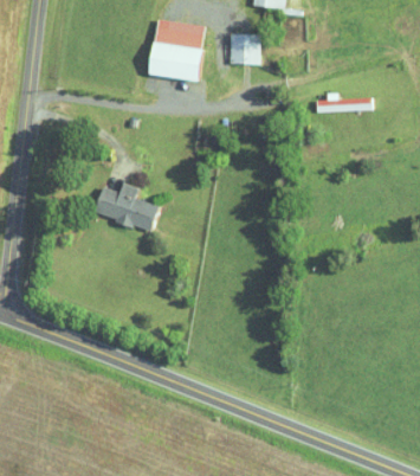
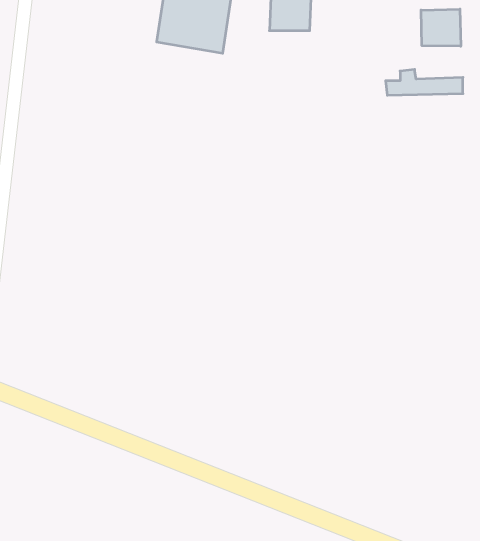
building: none -> [421,9,461,46]
building: [95,182,159,230] -> none

